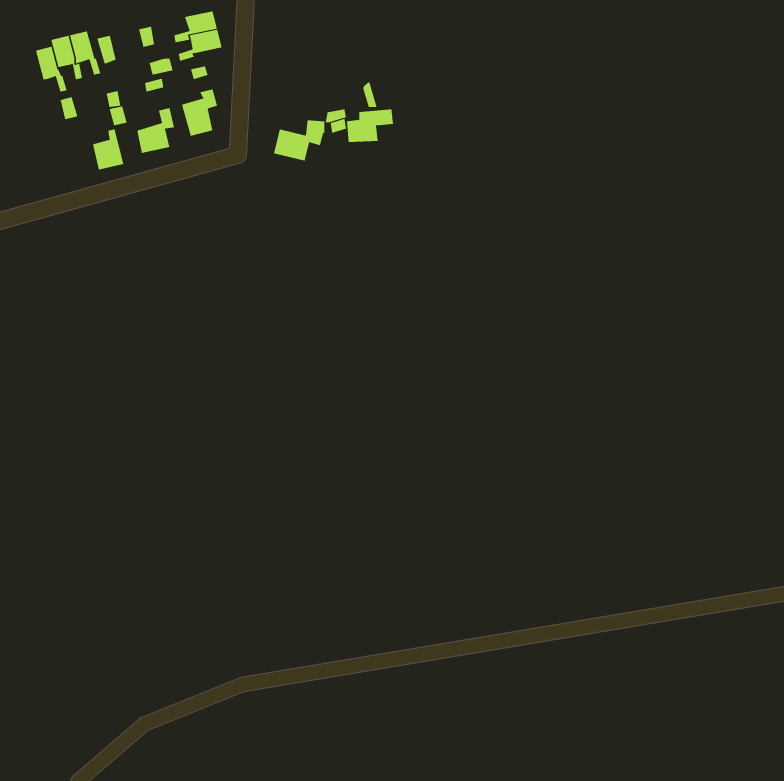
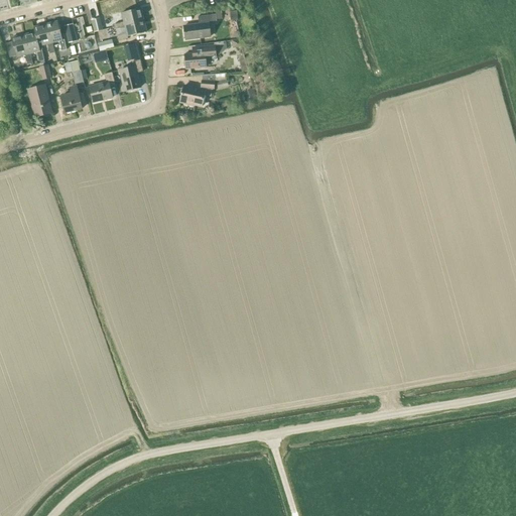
building: none -> [183,13,217,38]
building: none -> [6,33,32,63]
building: [346,109,394,143] -> [184,45,216,68]
building: none -> [27,84,52,116]

